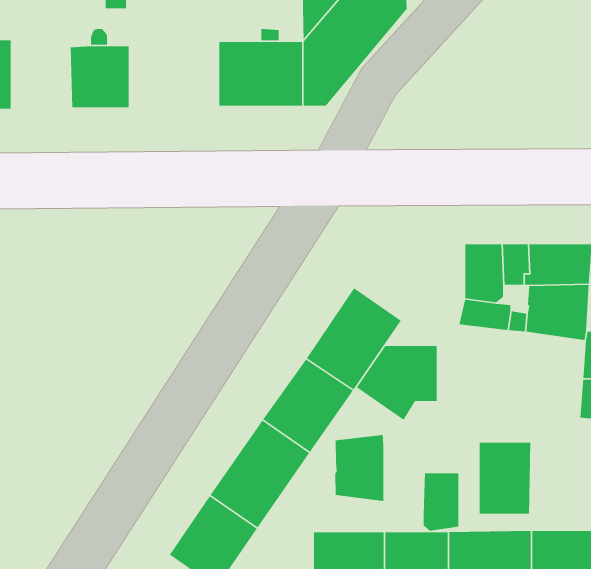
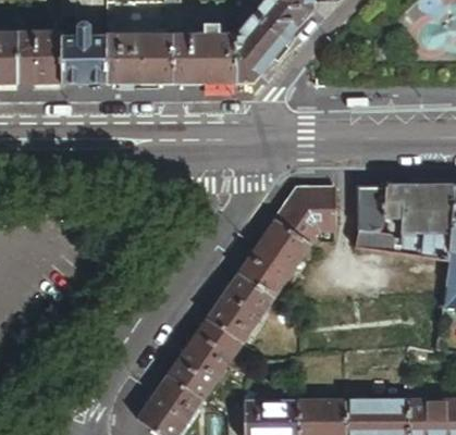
building: none -> [20,32,64,85]
building: none -> [108,34,174,84]
building: [356,345,437,421] -> [275,186,336,243]
building: [335,434,384,502] -> none
building: [479,442,531,515] -> none
building: [423,473,459,532] -> none

